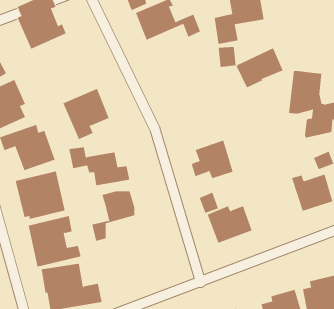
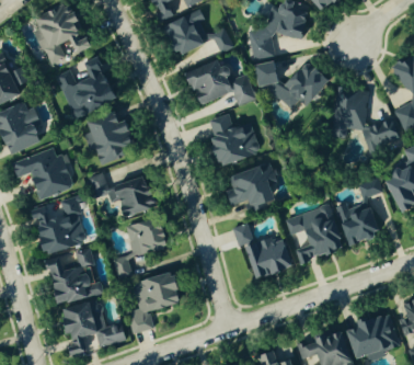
building: none -> [59,60,117,115]
building: none -> [185,60,255,105]
building: none -> [208,114,262,167]
building: none -> [287,205,344,263]
building: none -> [128,274,179,333]

